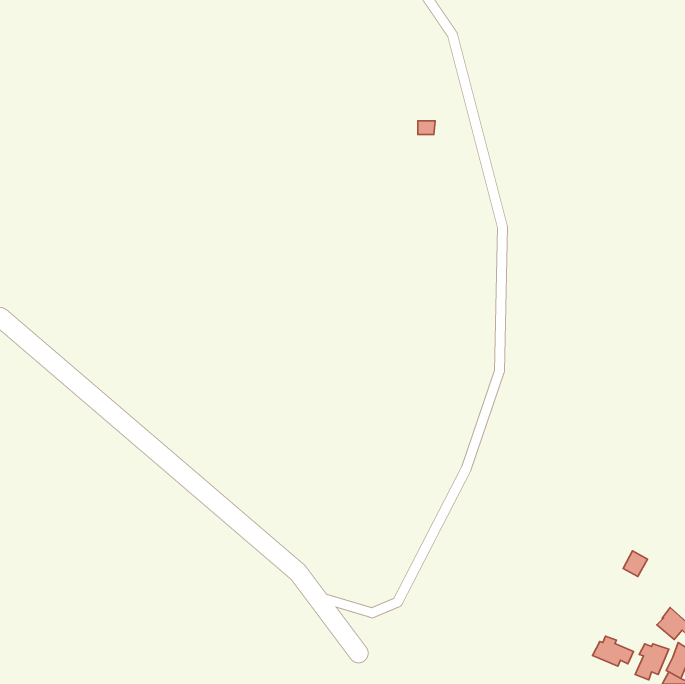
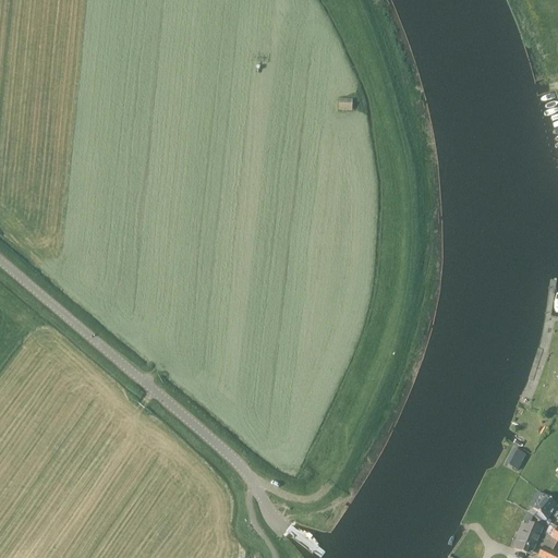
building: [592,636,634,666] -> none

